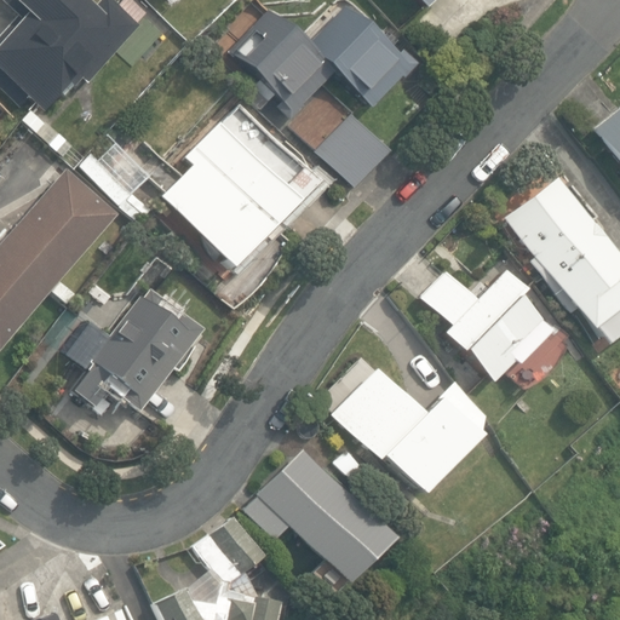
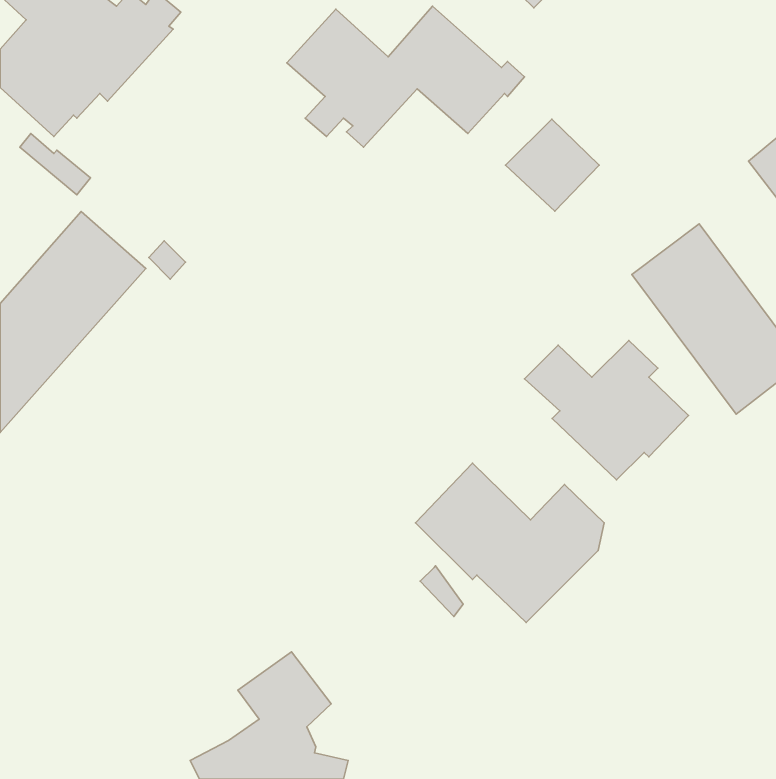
building: [161,101,321,268] -> none
building: [320,111,394,184] -> [506,119,599,211]
building: [64,285,202,408] -> none
building: [245,444,392,599] -> none

